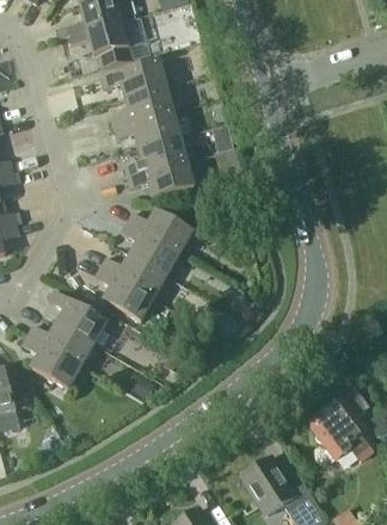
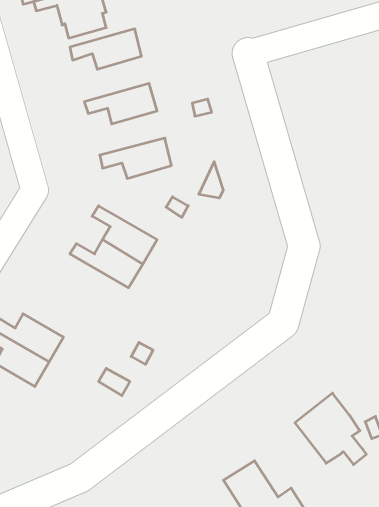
building: [111,86,173,128] -> none
building: [124,136,188,177] -> none
building: [127,210,193,254] -> none
building: [94,267,154,321] -> none
building: [48,290,108,344] -> none

